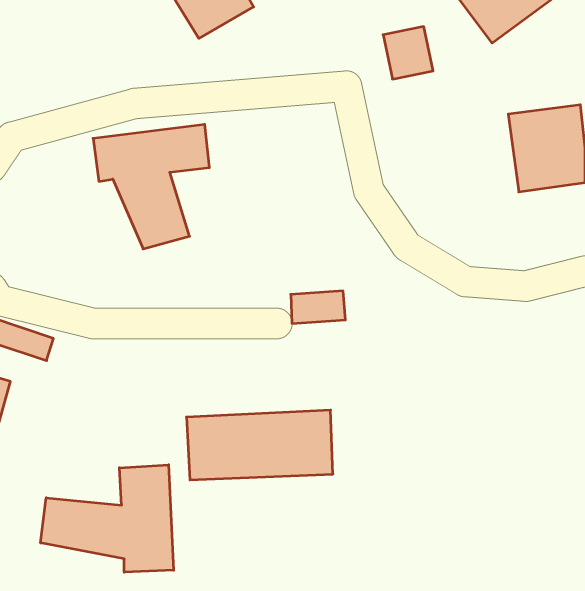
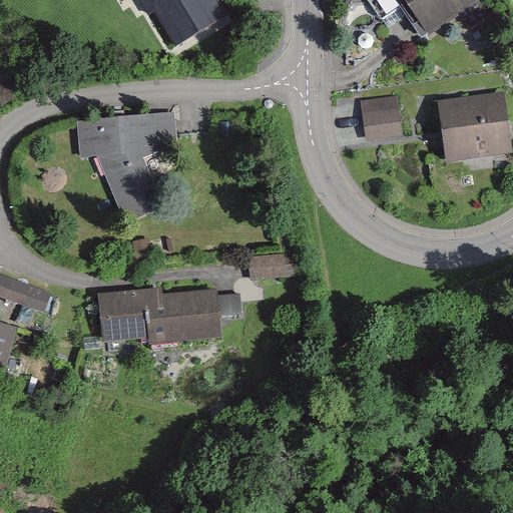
building: [383,27,433,79] -> [360,94,403,139]
building: [186,410,333,480] -> [100,289,226,349]
building: [41,465,174,572] -> none

